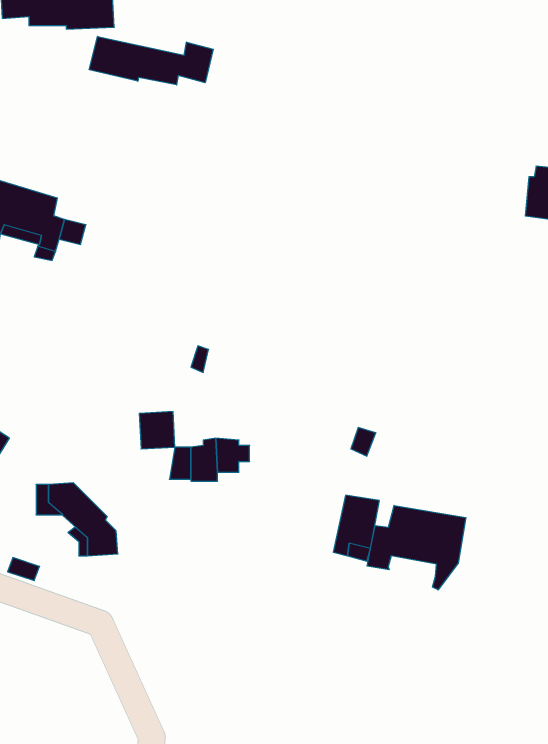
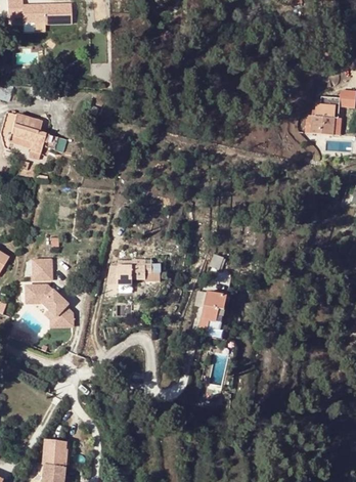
building: [89,36,213,85] -> none
building: [139,412,175,449] -> [35,260,55,281]
building: [367,505,466,590] -> none

